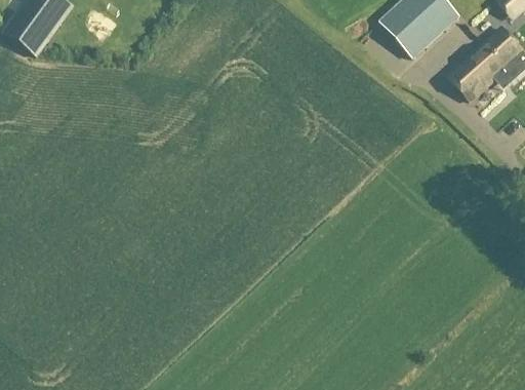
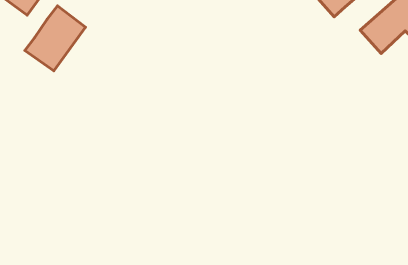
building: none -> [25,6,86,71]

